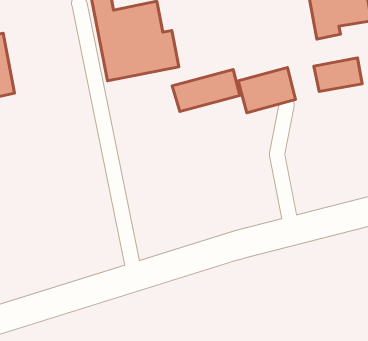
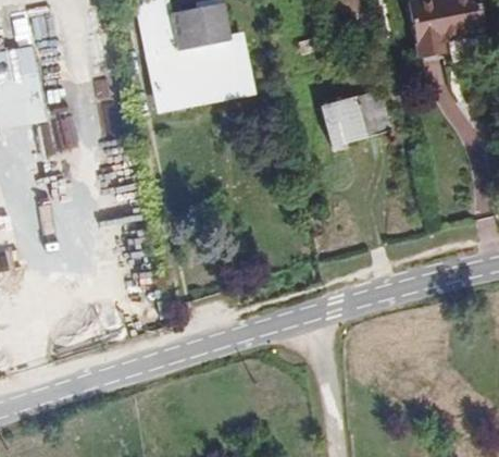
building: [314,58,362,92] -> none
building: [172,69,240,111] -> none

